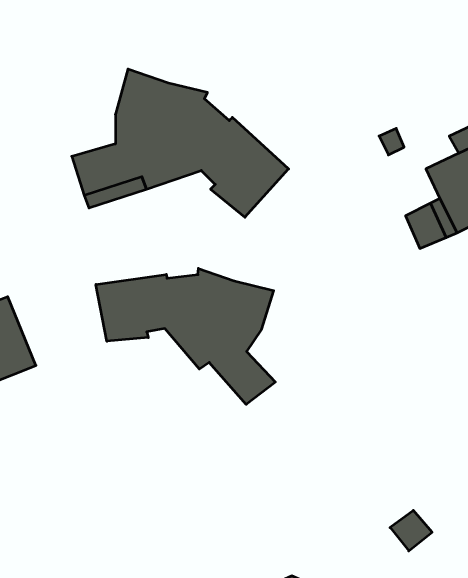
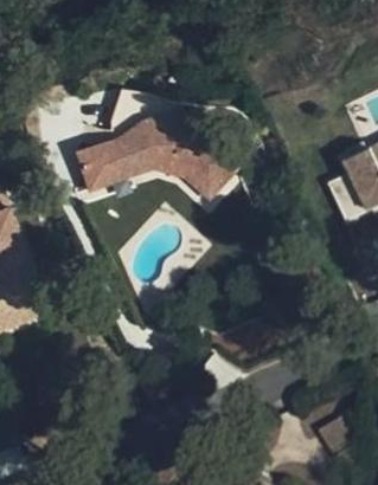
building: [96,268,275,404] -> none

